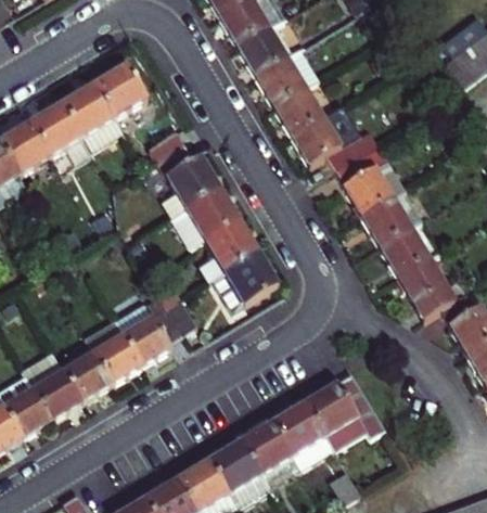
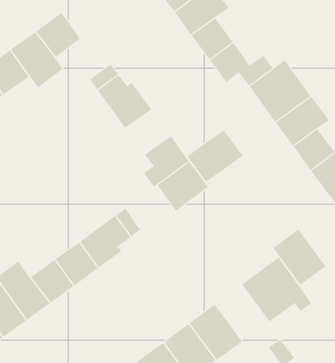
building: [174,187,240,246] -> [186,130,243,183]
building: [272,400,333,466] -> [272,229,326,286]

